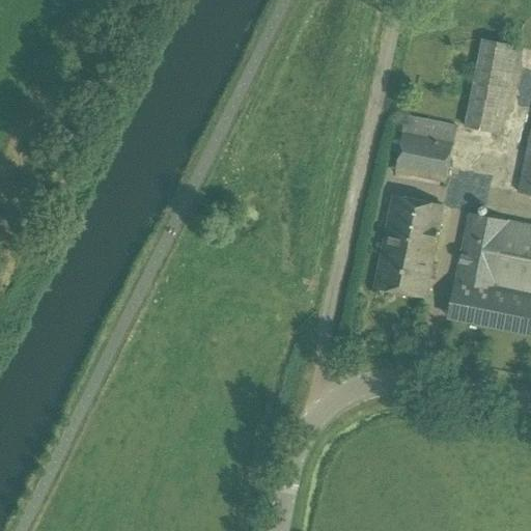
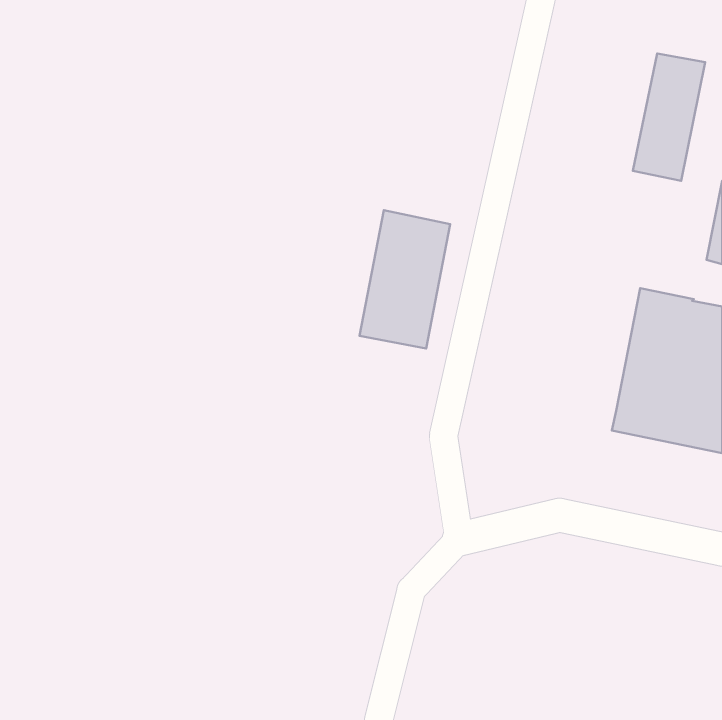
building: [396,115,456,175] -> none
building: [376,195,443,297] -> [360,210,450,348]

